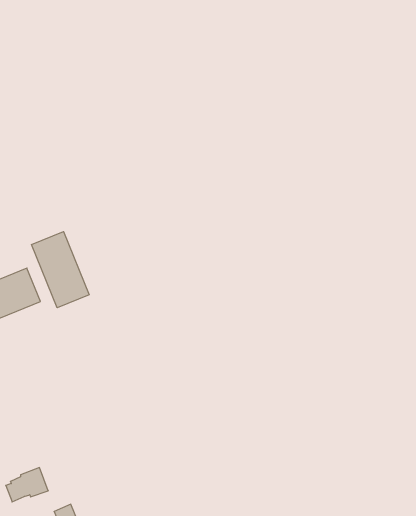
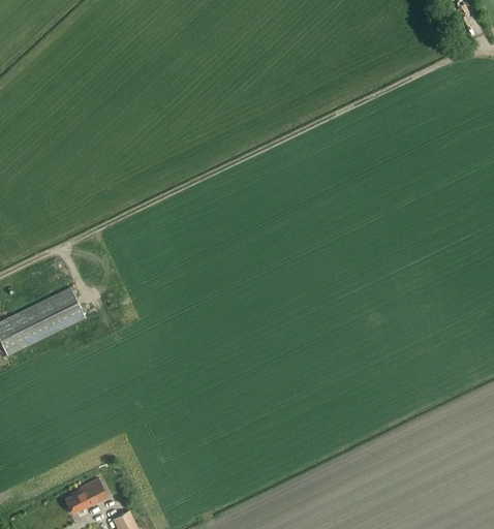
building: [32,232,89,308] -> none

